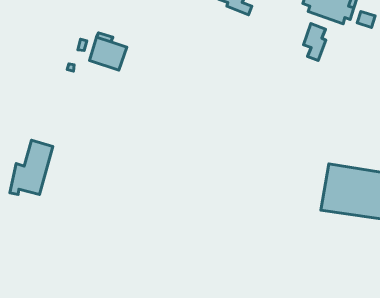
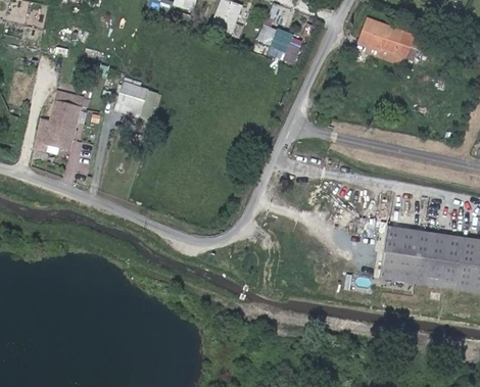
building: [304,23,326,60] -> none
building: [10,140,53,195] -> [36,89,85,151]

